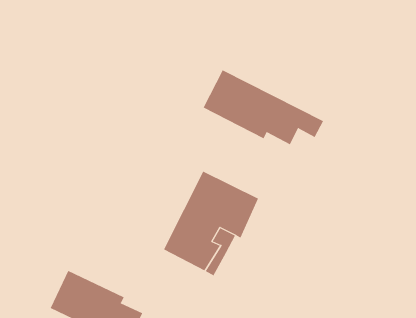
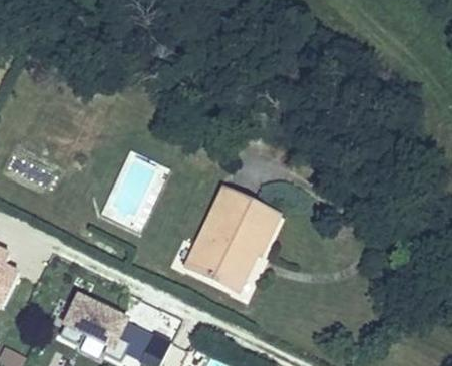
building: [203,70,324,145] -> none

